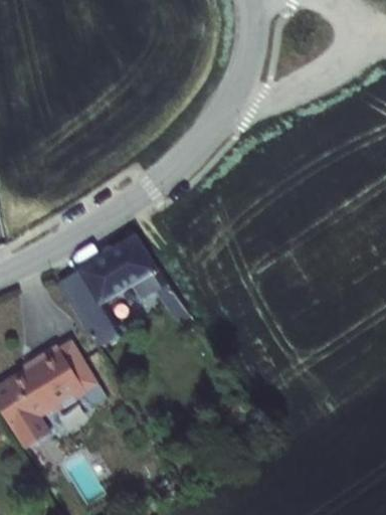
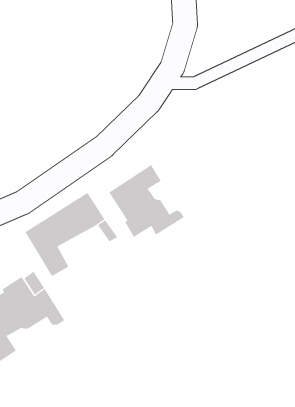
building: none -> [108,164,184,238]

